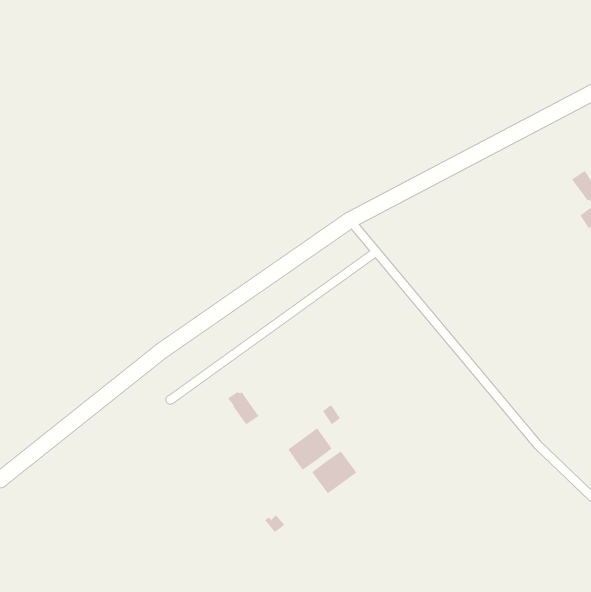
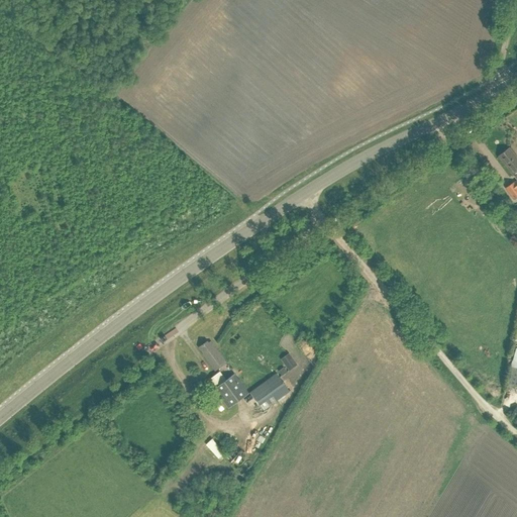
building: none -> [214,370,249,405]
building: [312,451,357,494] -> none

